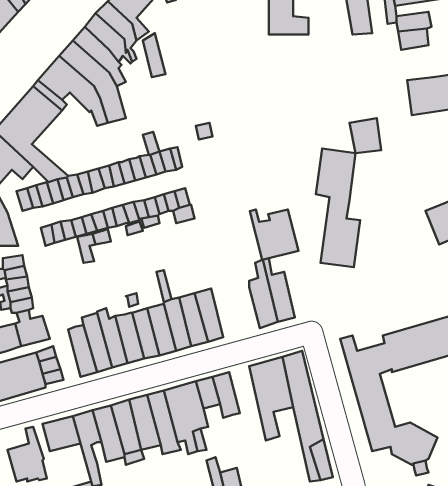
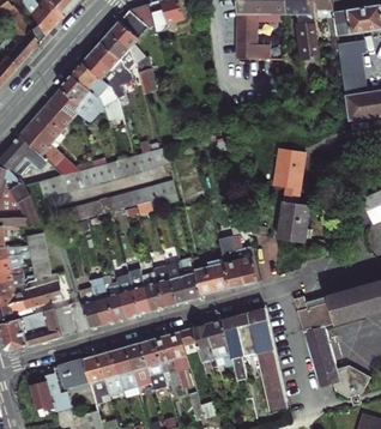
building: [349,118,381,153] -> [341,67,367,95]
building: [250,210,299,260] -> [192,258,230,297]
building: none -> [206,320,235,380]

